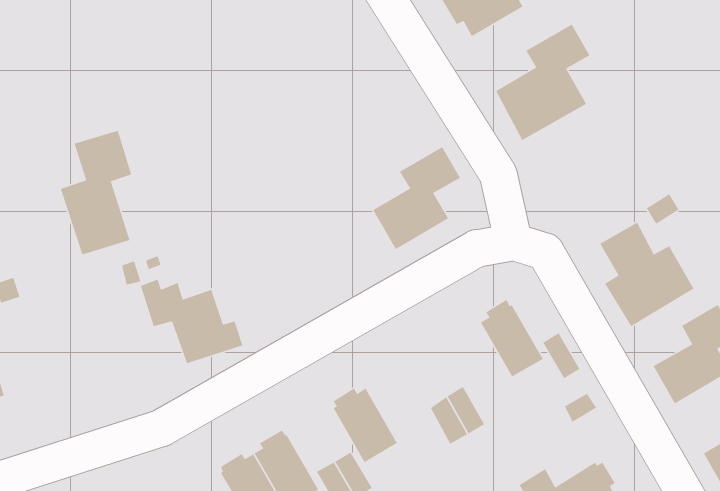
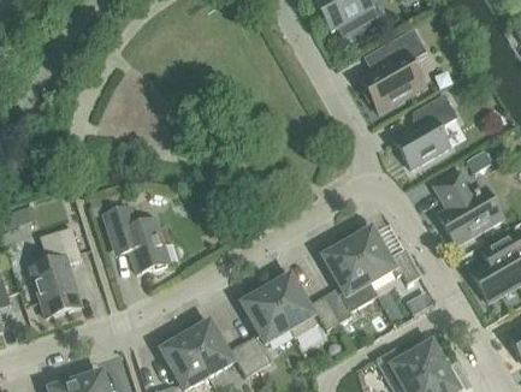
building: [60,130,132,255] -> [30,226,82,316]
building: [372,146,461,250] -> [393,94,457,168]
building: none -> [322,242,371,296]
building: none -> [266,272,318,337]

